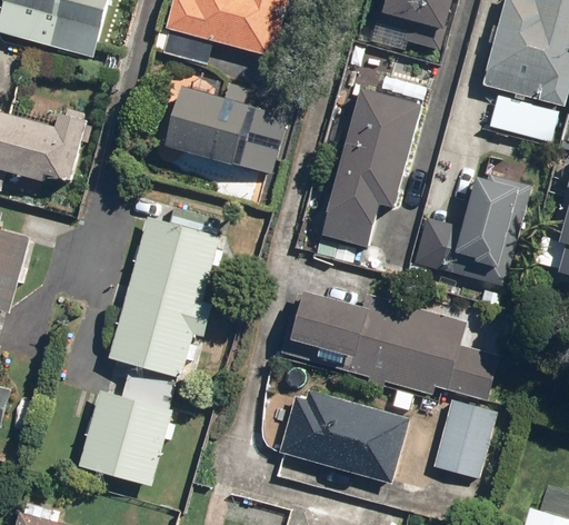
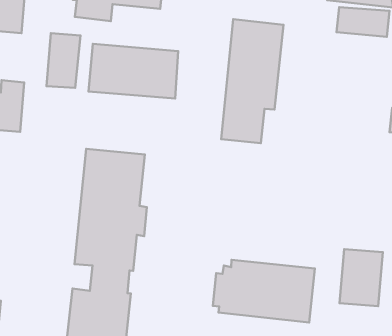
building: none -> [47,33,81,88]
building: [419,174,530,287] -> none
building: [280,291,498,400] -> none

